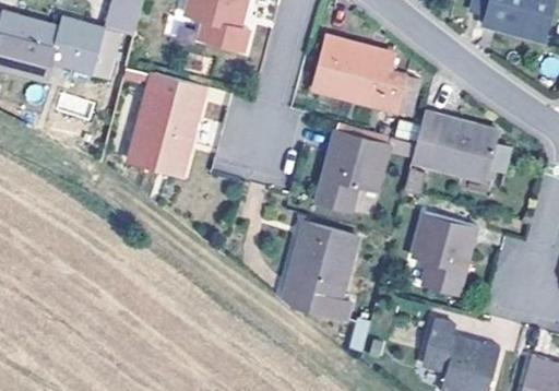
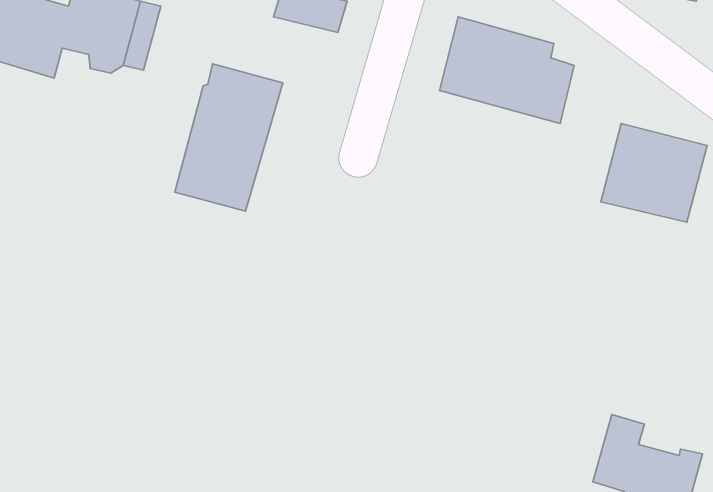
building: [318,132,389,209] -> none
building: [413,211,475,294] -> none
building: [289,222,357,320] -> none

